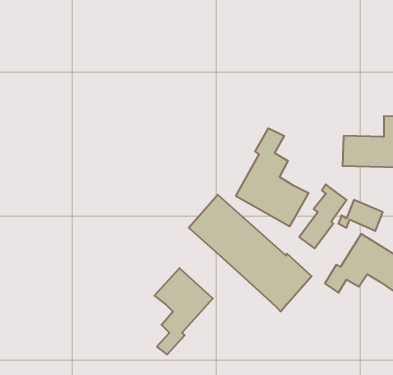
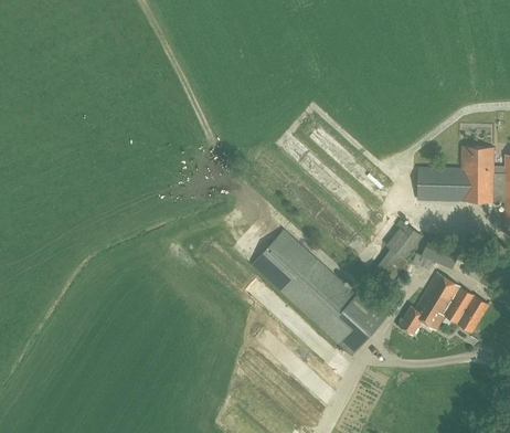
building: [236,128,308,226] -> none
building: [155,268,213,354] -> none

